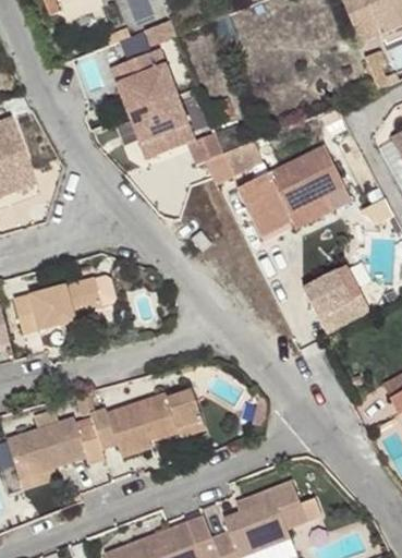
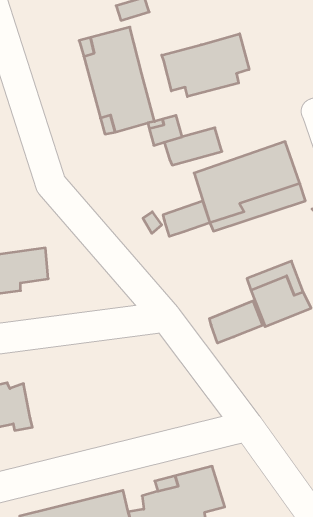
building: none -> [162,34,249,97]
building: none -> [163,201,210,236]
building: none -> [209,301,263,343]
building: [92,395,207,461] -> none

